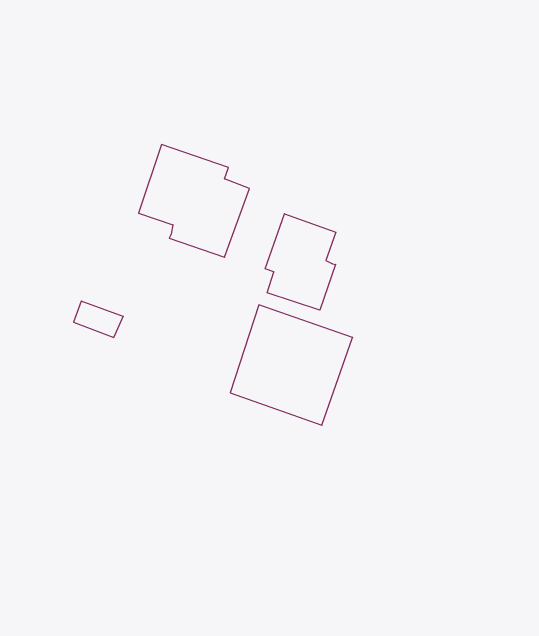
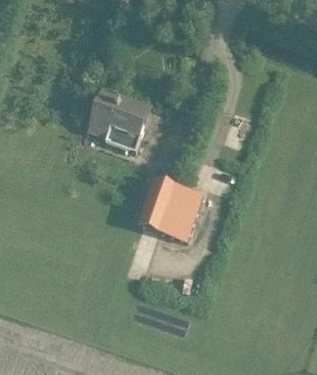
building: [265,214,336,310] -> none

